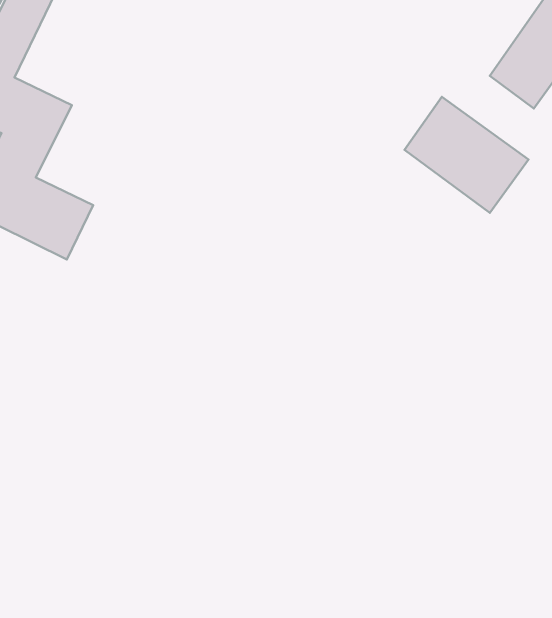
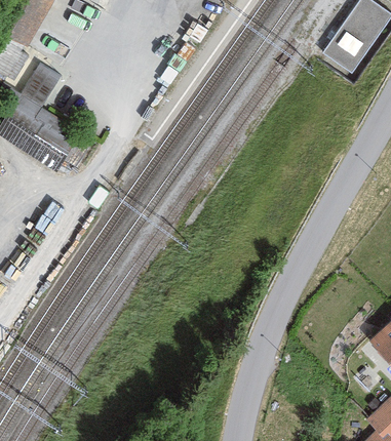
building: [405,97,529,213] -> none

